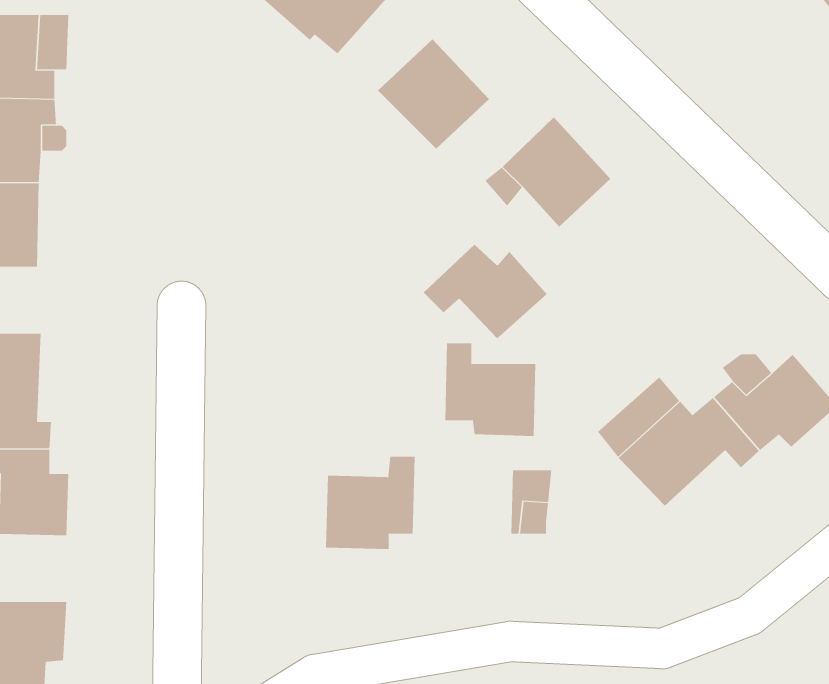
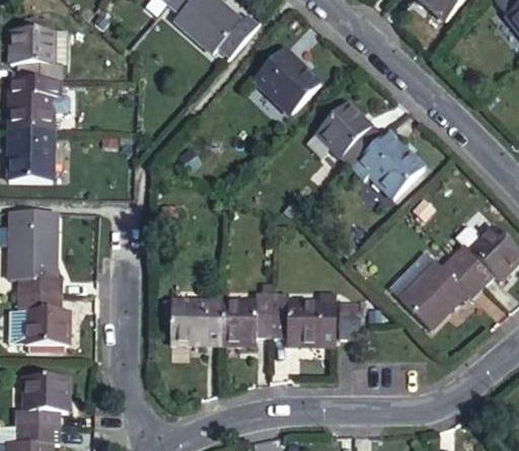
building: [423,244,547,339] -> [357,131,430,186]
building: [444,343,536,436] -> [272,293,325,348]
building: none -> [167,302,221,347]

